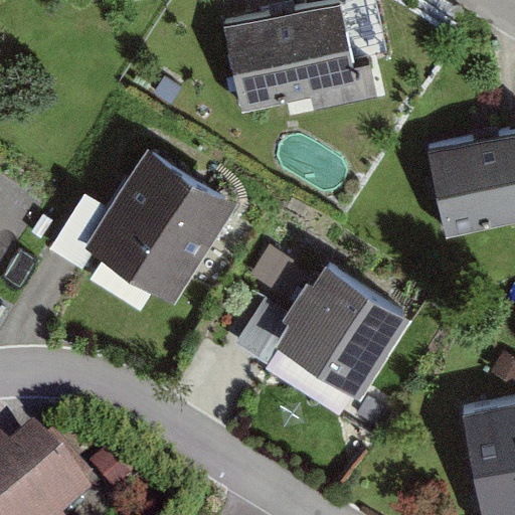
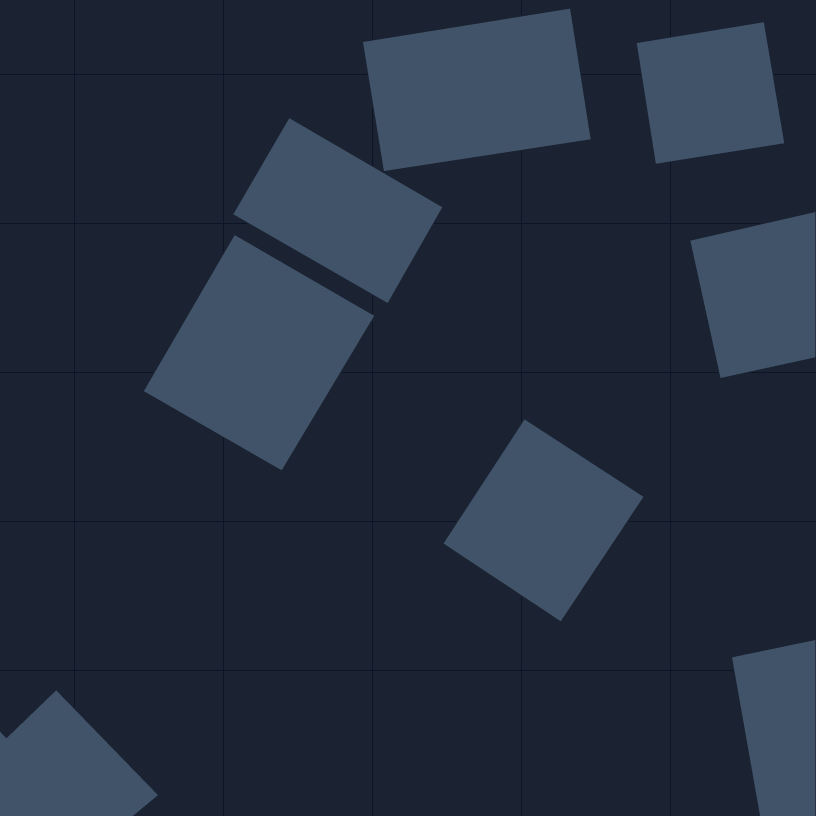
building: none -> [636,22,785,164]
building: none -> [232,117,443,304]

